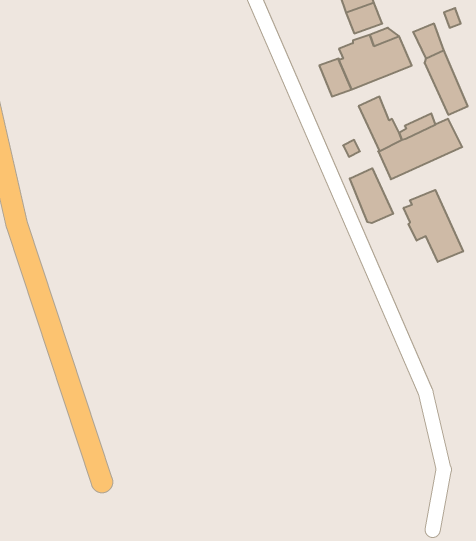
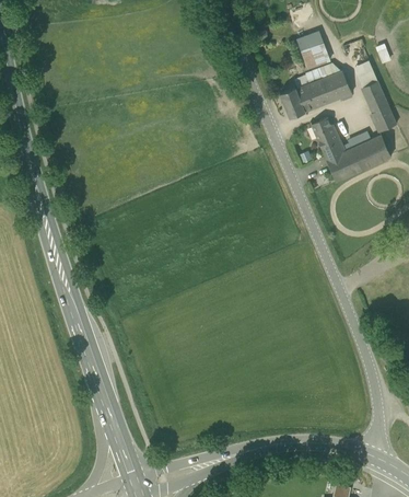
building: [350,168,393,223] -> none
building: [404,190,463,262] -> none

